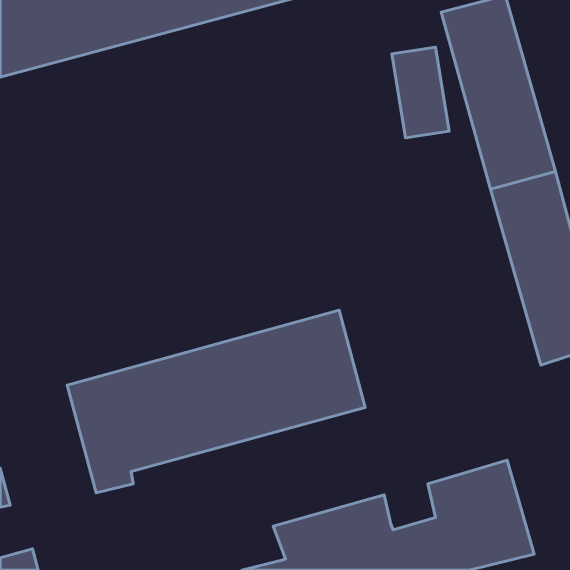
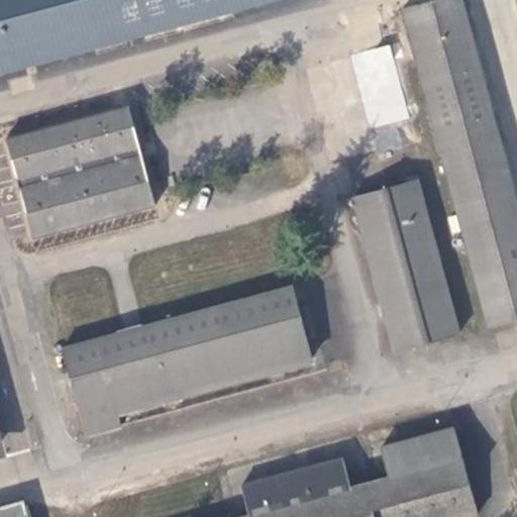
building: none -> [6,105,153,239]
building: none -> [345,183,460,351]

